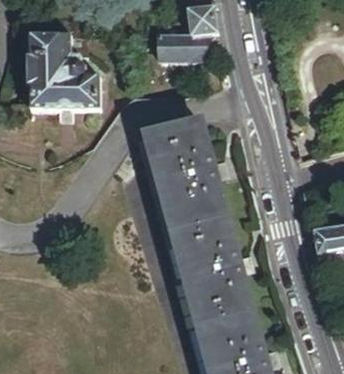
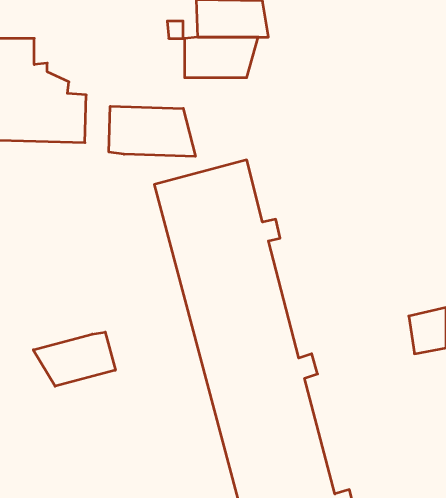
building: none -> [109,106,195,156]
building: none -> [33,332,115,386]

